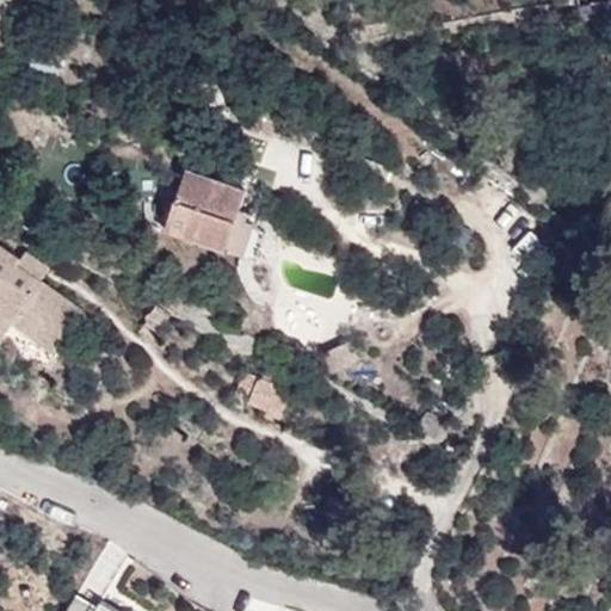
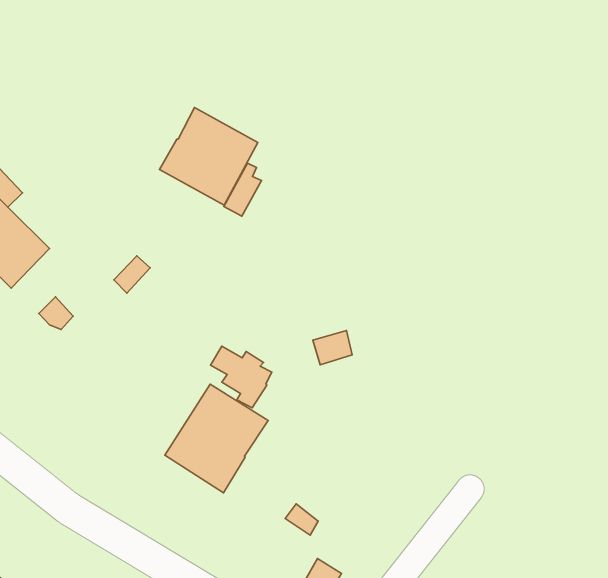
building: none -> [165,384,268,493]

